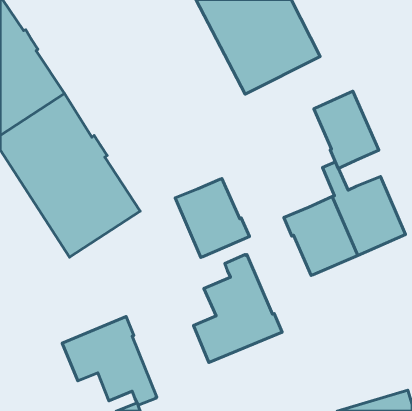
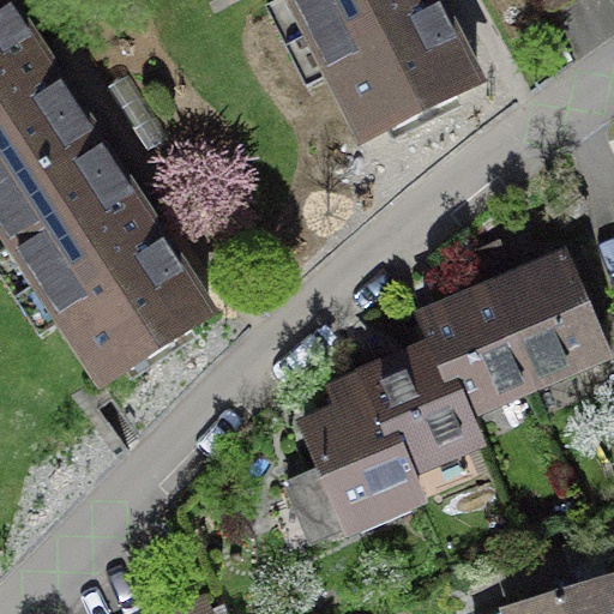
building: [314,91,379,168] -> none
building: [175,179,249,257] -> [367,350,477,468]
building: [62,317,157,405] -> none

